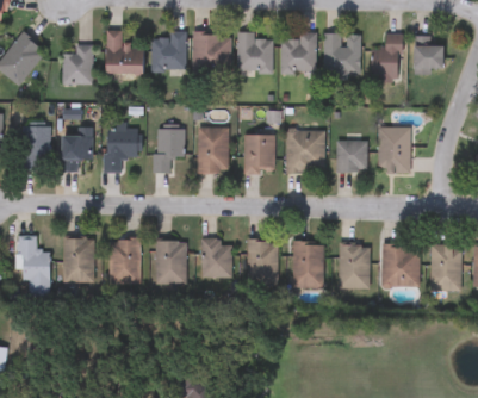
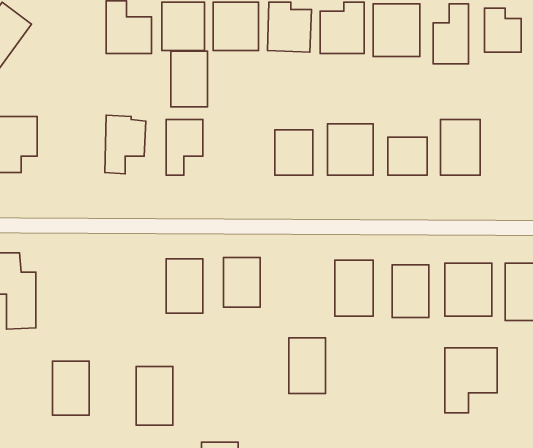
building: [62,44,92,85] -> none
building: [198,128,228,173] -> [171,51,207,107]
building: [61,136,93,173] -> none
building: [110,238,139,286] -> [136,367,173,425]
building: [63,240,93,284] -> [52,361,89,415]
building: [247,240,277,285] -> [289,338,326,394]
building: none -> [445,348,497,413]

